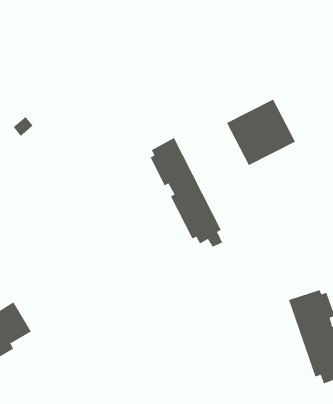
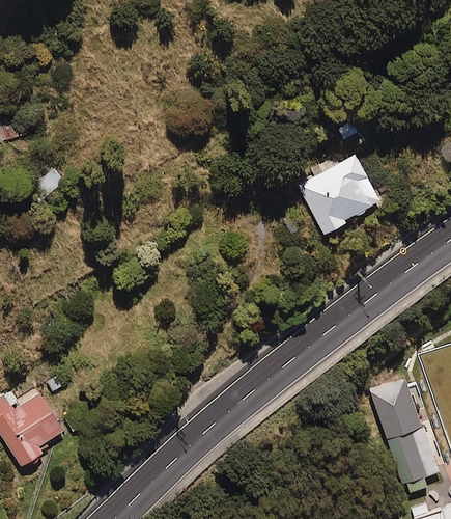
building: [150,137,223,248] -> none

